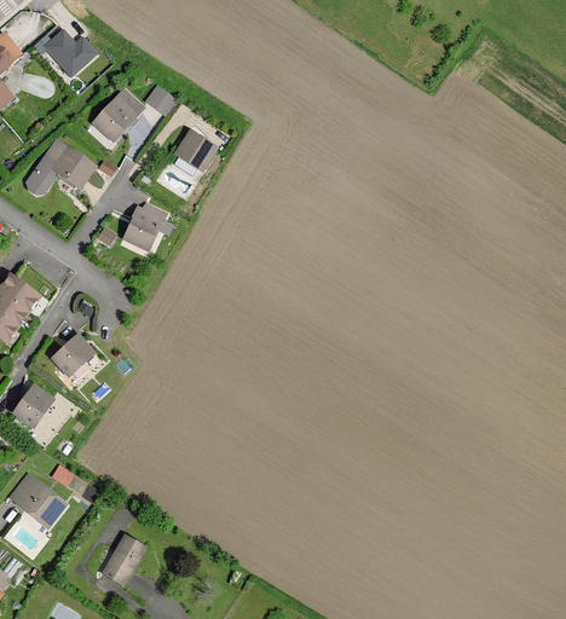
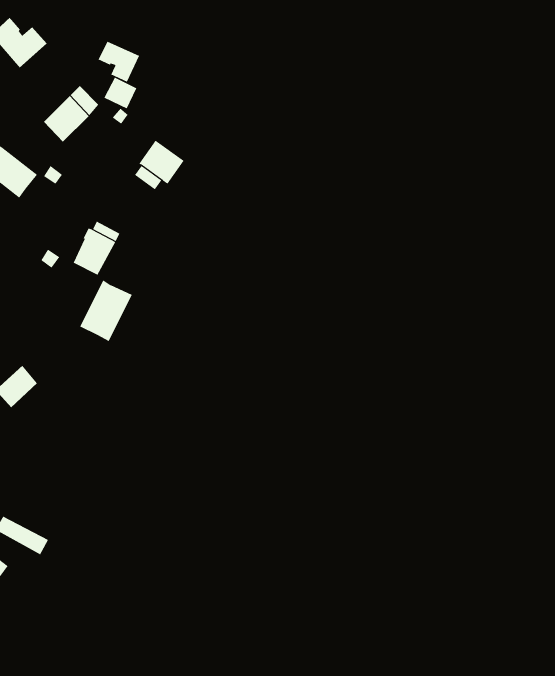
building: none -> [98,41,140,83]
building: none -> [80,280,132,342]
building: [106,533,149,583] -> none

